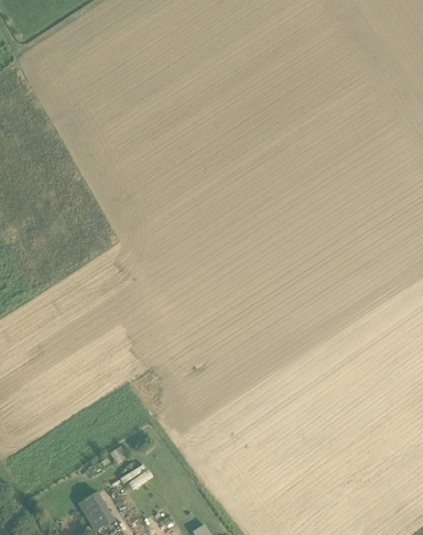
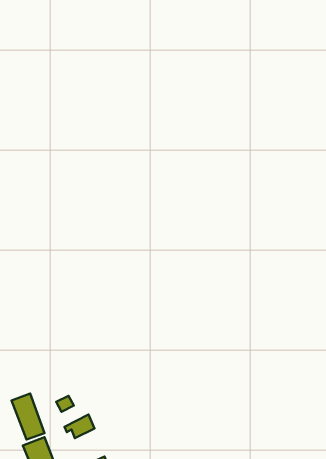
building: none -> [11,394,44,439]

